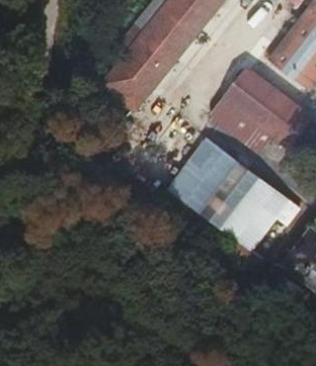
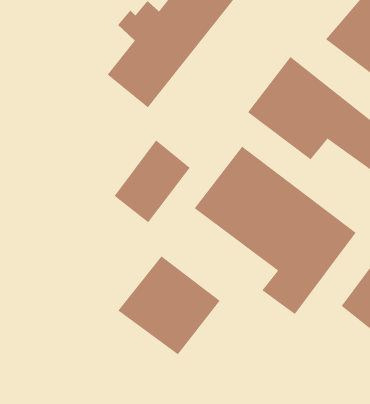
building: none -> [114,139,191,223]
building: none -> [118,256,221,355]

